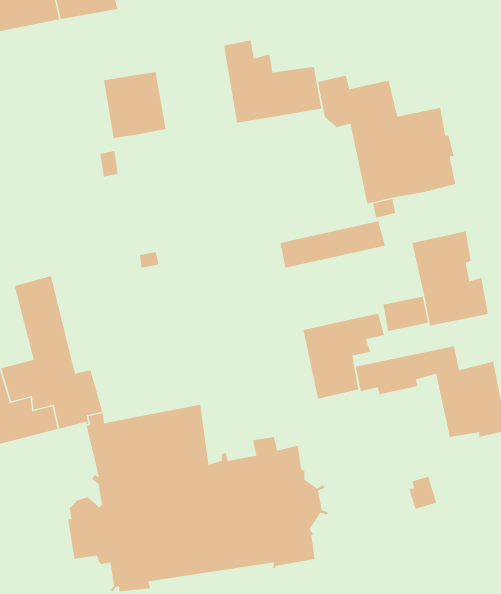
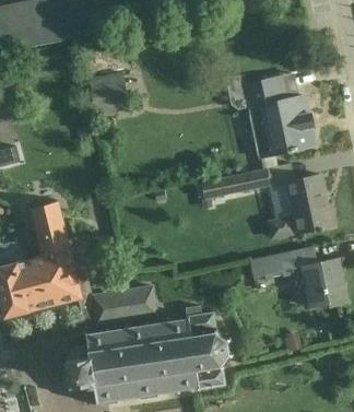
building: [223,39,322,123] -> none
building: [302,313,385,399] -> none

